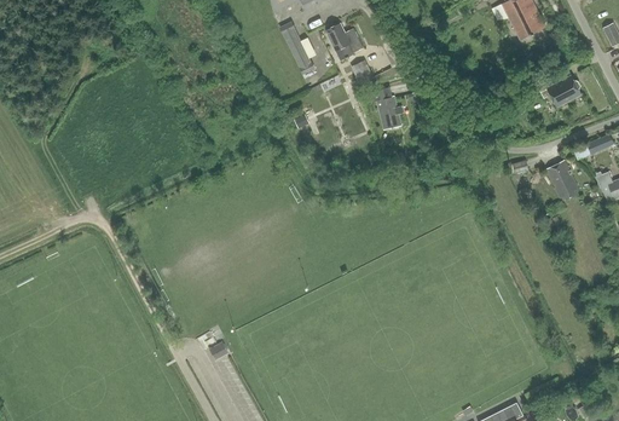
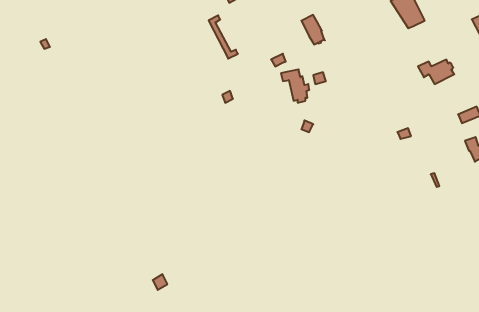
building: [325,23,354,59] -> [301,15,325,44]
building: [545,160,578,198] -> none

